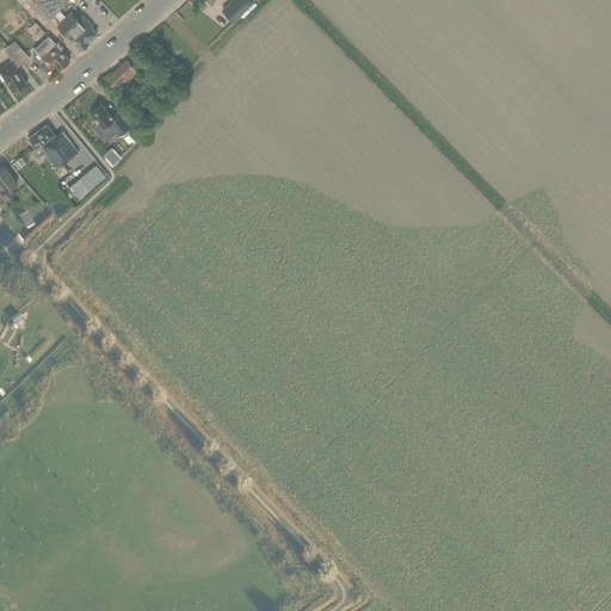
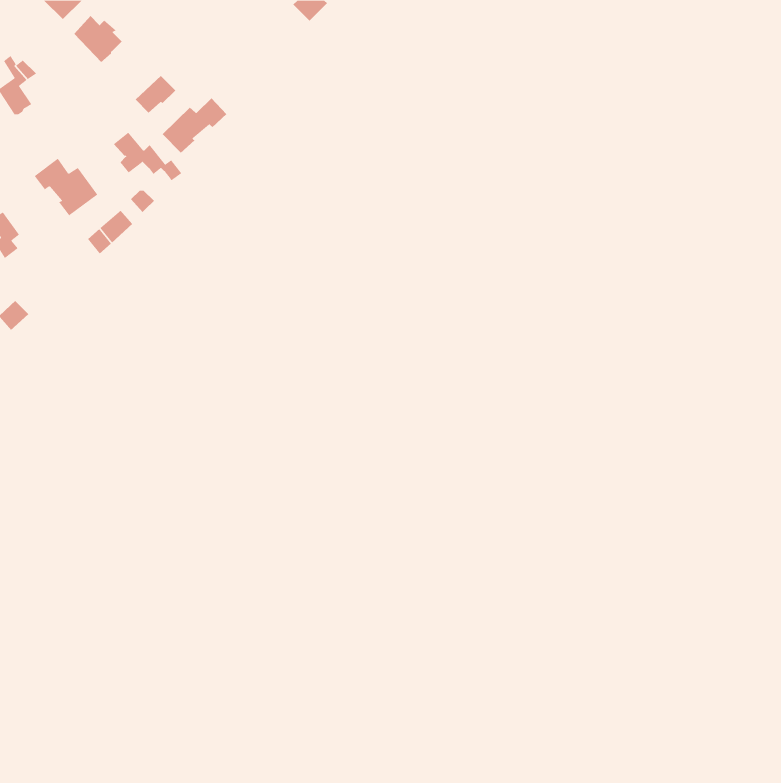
building: [33,36,68,68] -> none
building: none -> [162,97,227,154]

